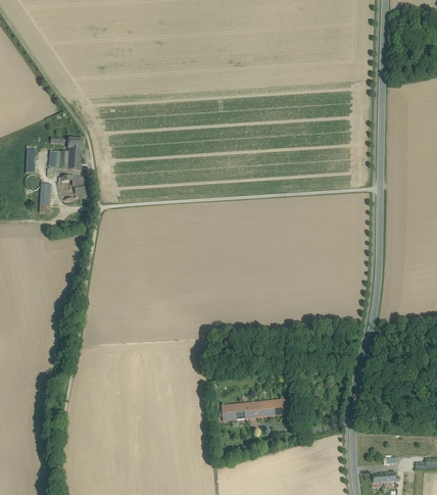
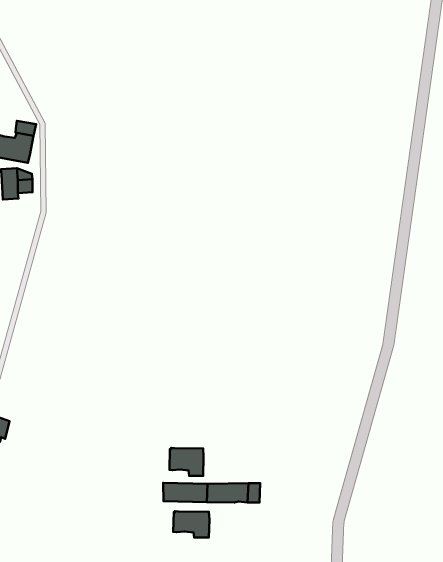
building: none -> [169,448,204,476]
building: none -> [173,511,209,538]

